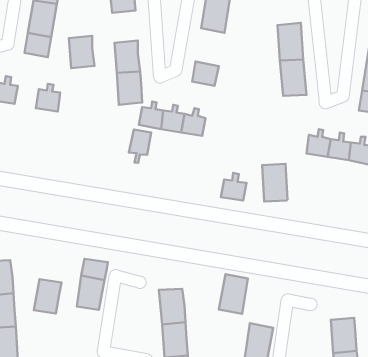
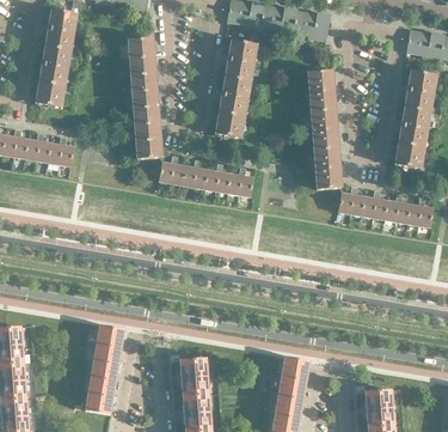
building: none -> [219,75,250,116]
building: [69,36,95,68] -> [129,56,157,91]
building: none -> [24,132,50,162]
building: [129,129,151,163] -> none
building: [262,164,288,202] -> [313,147,340,188]
building: [221,173,246,201] -> [226,165,253,195]
building: [219,274,248,314] -> [277,355,308,398]
building: [34,279,62,313] -> [85,376,115,413]

